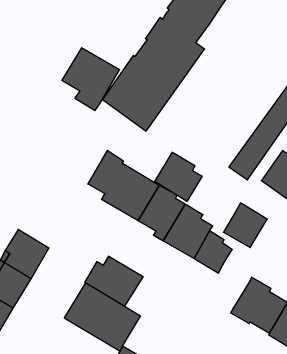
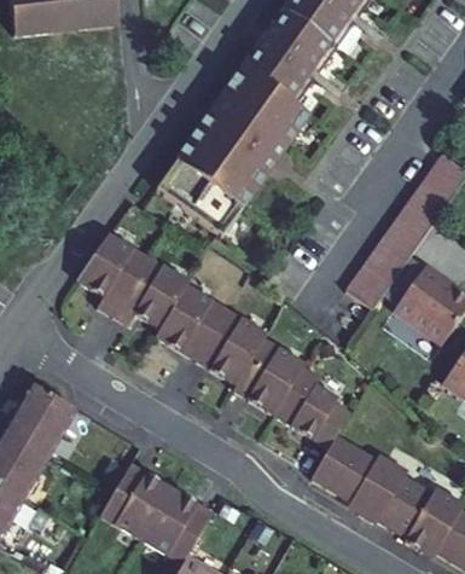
building: [62,48,120,110] -> [77,232,163,325]
building: [155,152,202,201] -> none
building: [223,203,267,248] -> [310,434,376,500]
building: [85,256,143,306] -> none

